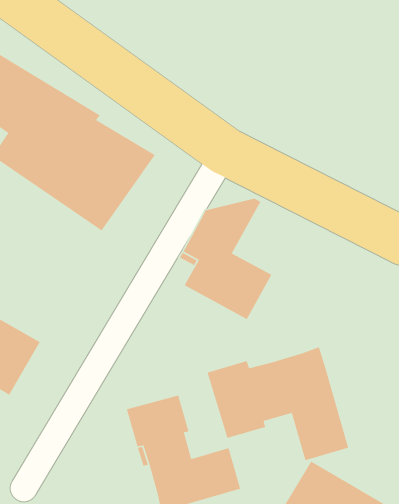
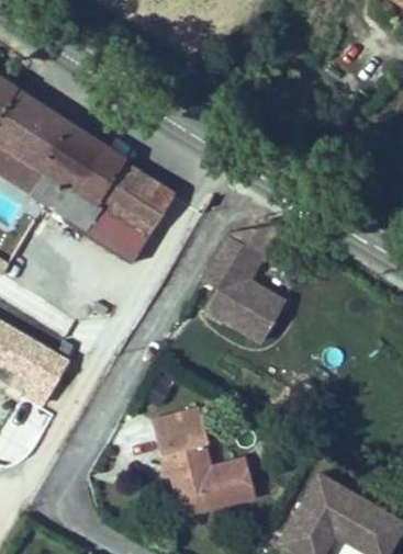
building: [207,346,349,461] -> none

